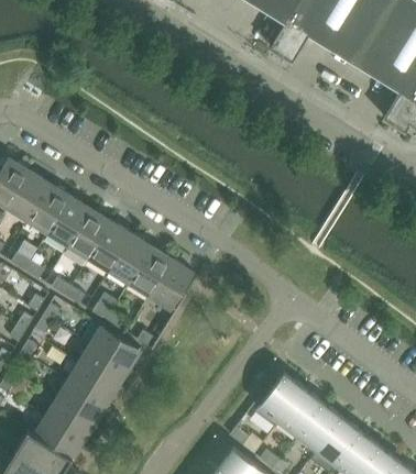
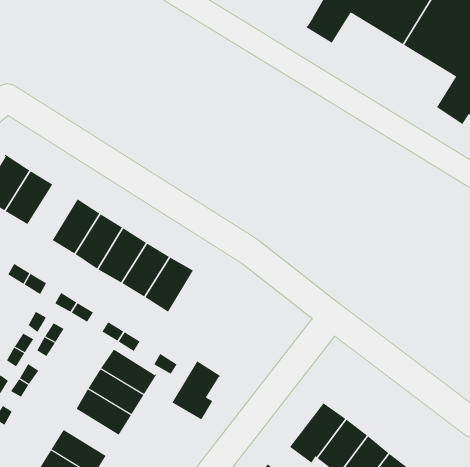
building: [28,184,70,232] -> none
building: [150,258,193,310] -> [171,361,221,420]
building: [58,378,107,419] -> none

